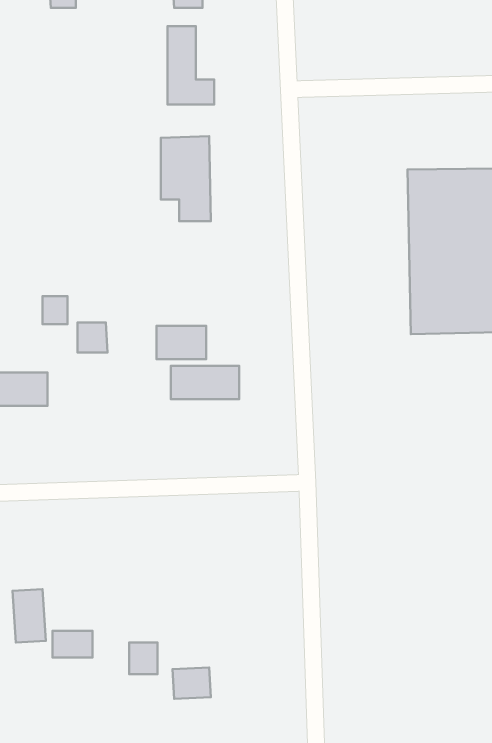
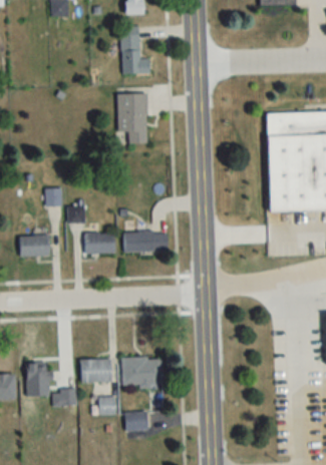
building: [156,326,206,359] -> [84,232,114,253]
building: none -> [122,358,162,385]
building: none -> [81,360,110,382]

